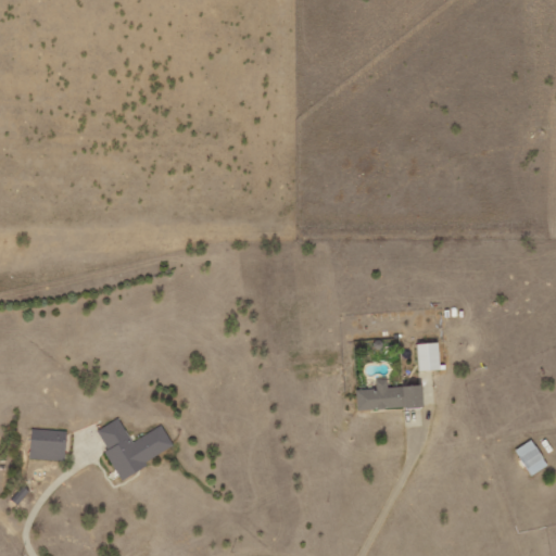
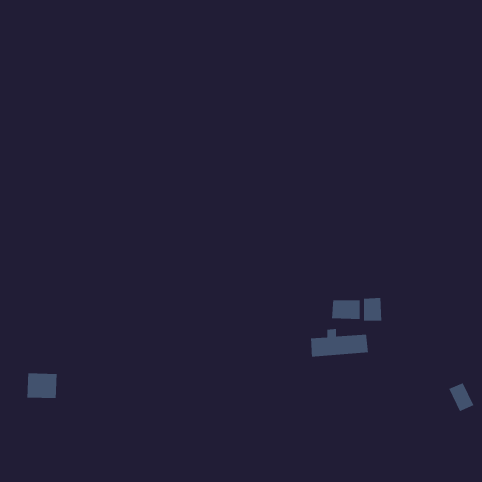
building: none -> [331,300,360,320]
building: [98,418,174,478] -> none

